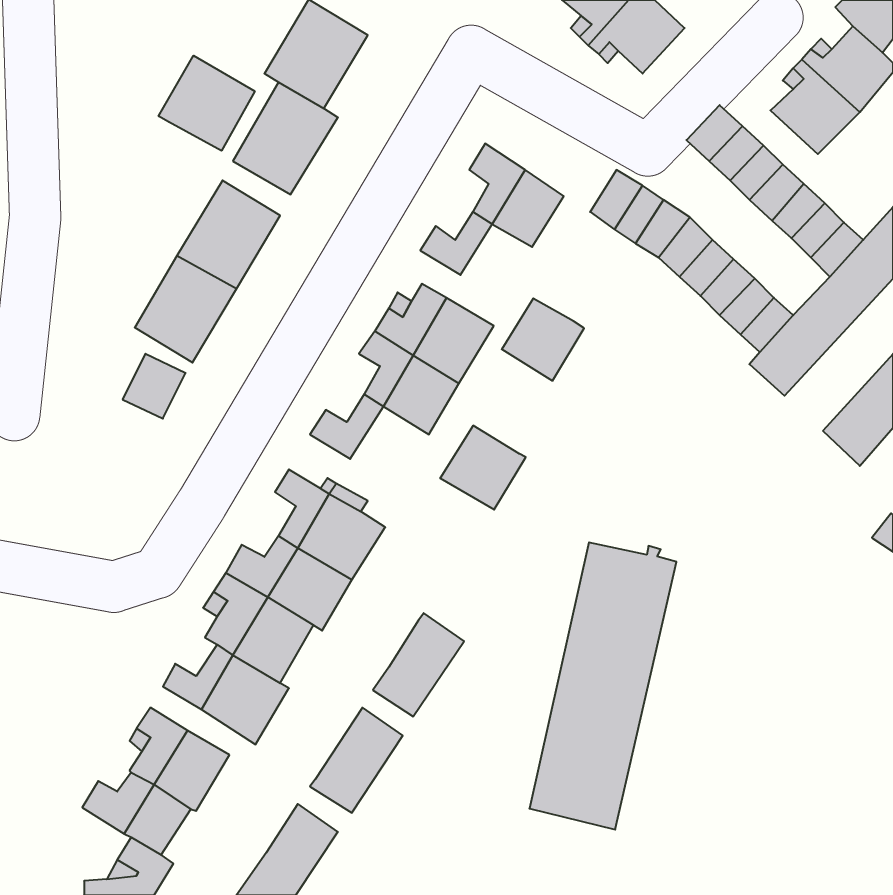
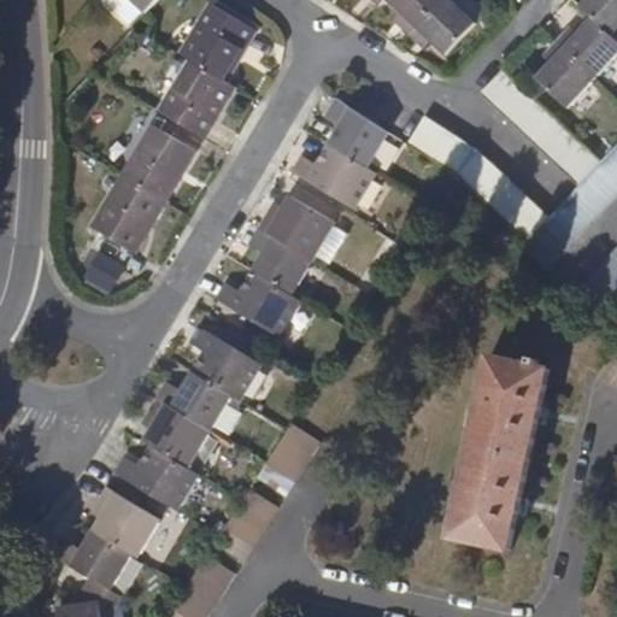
building: [159,56,255,151] -> none
building: [502,298,584,381] -> [317,154,374,211]
building: [440,426,526,510] -> [241,280,300,337]
building: [529,542,676,830] -> [451,353,552,551]

